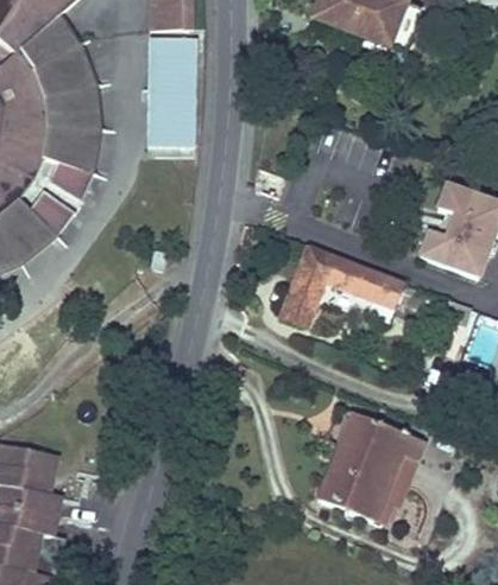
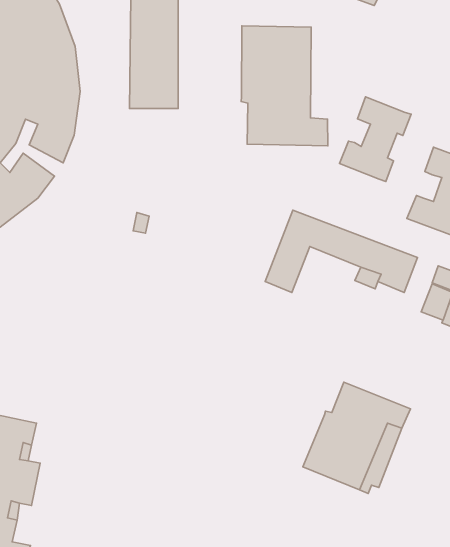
building: none -> [241,26,328,146]
building: none -> [339,97,411,181]

